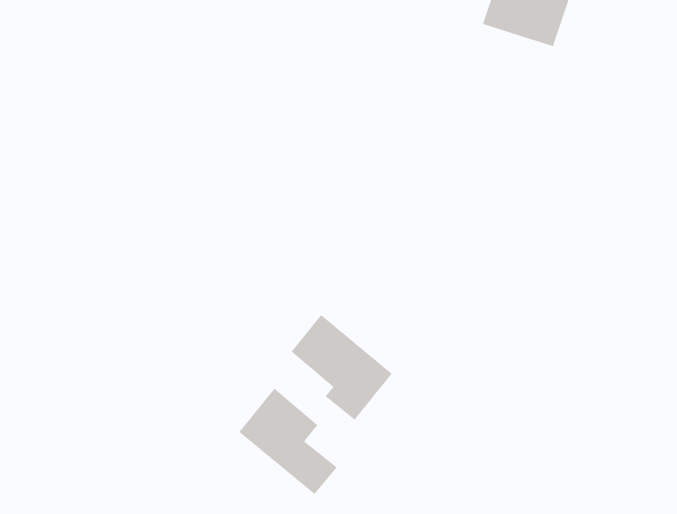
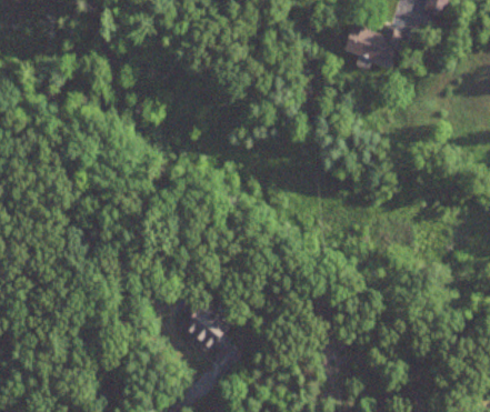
building: [291,314,393,421] -> none

